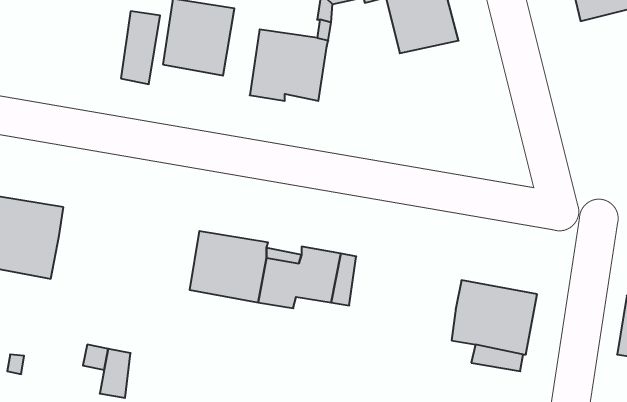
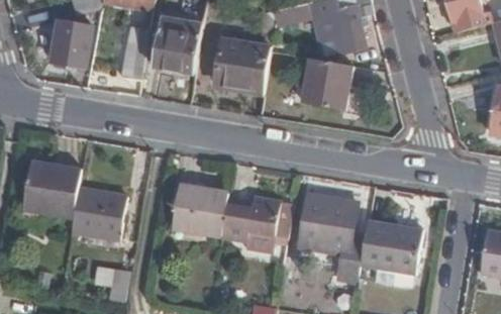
building: none -> [54,27,87,65]
building: none -> [301,59,353,111]
building: none -> [70,188,125,239]
building: none -> [296,195,363,284]

